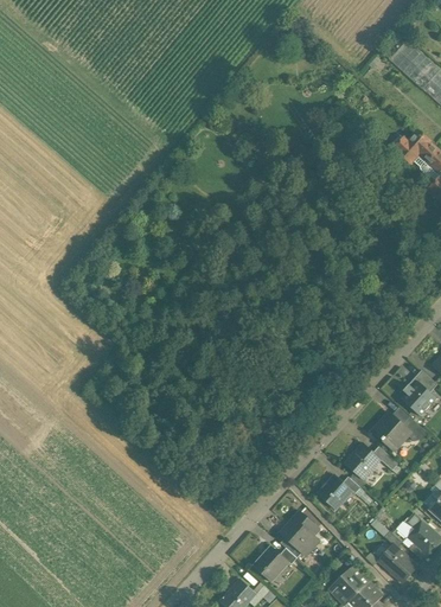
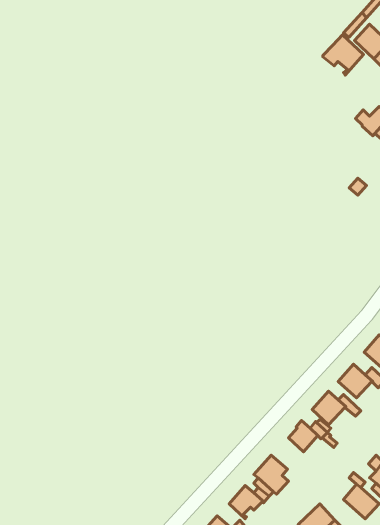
building: none -> [323,35,363,75]

